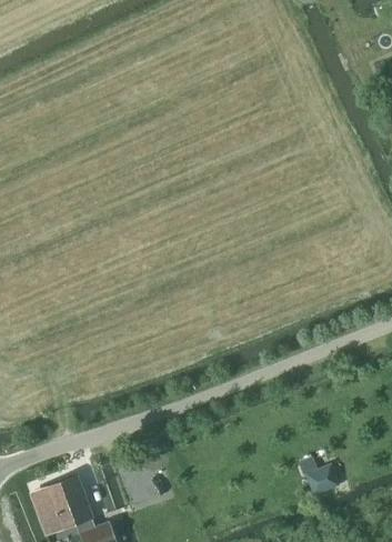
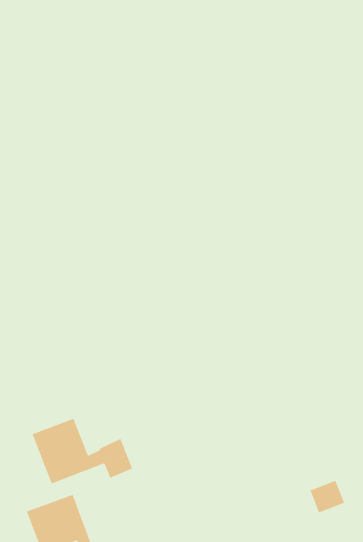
building: none -> [31,418,133,485]

